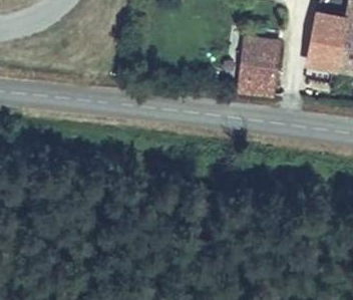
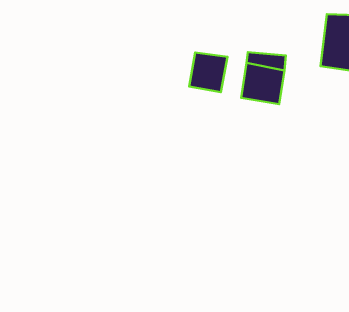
building: none -> [189,52,227,92]

